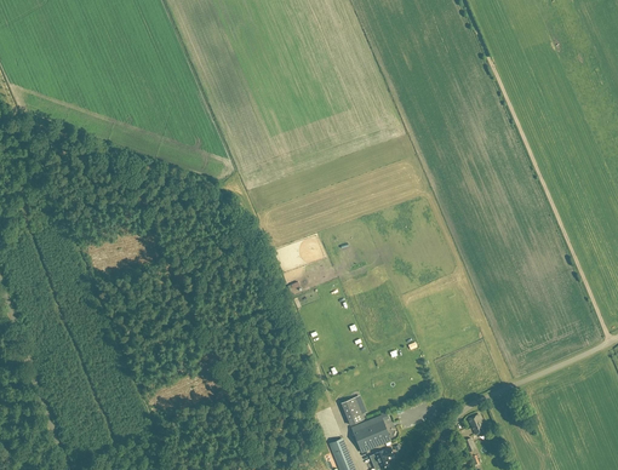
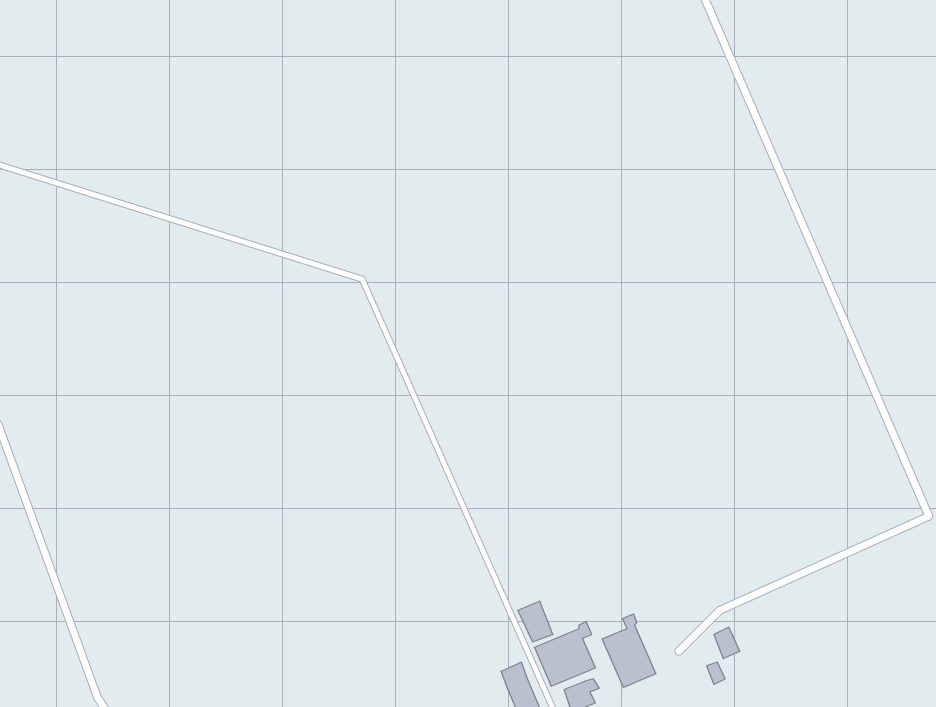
building: none -> [602,614,656,688]

